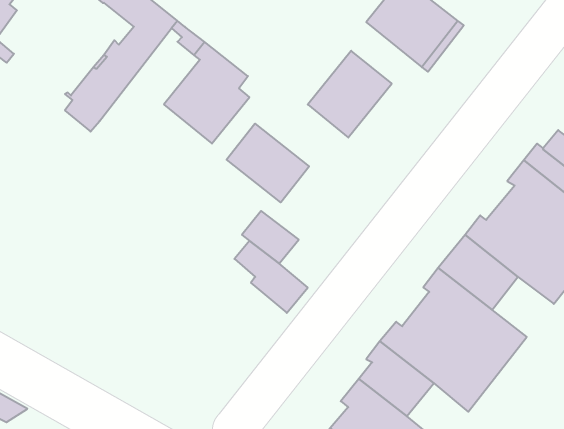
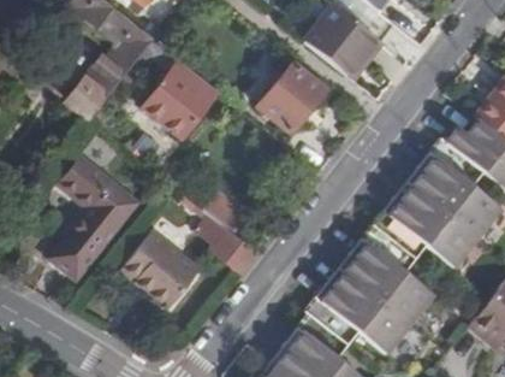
building: [227,124,309,202] -> none
building: none -> [50,158,136,277]
building: none -> [120,230,200,307]

